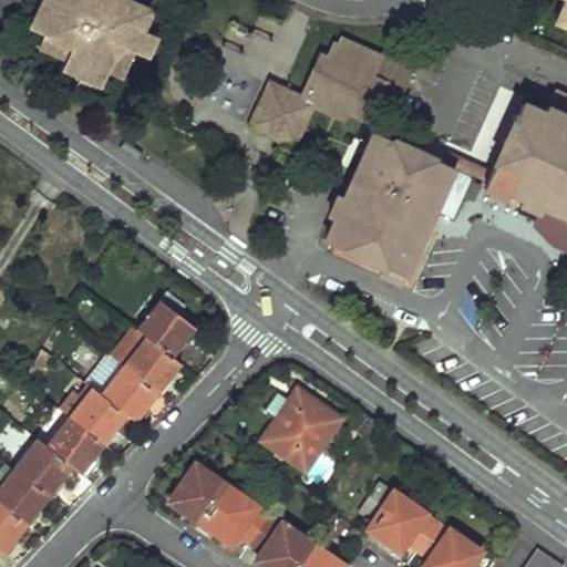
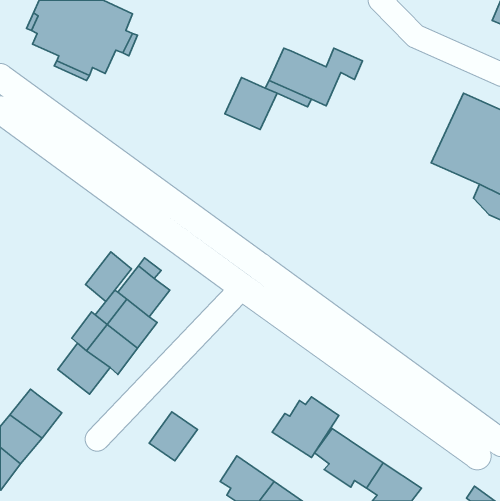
building: [330,39,379,75] -> none
building: [329,136,456,280] -> none
building: none -> [85,252,132,301]
building: [261,400,337,468] -> [272,397,339,458]
building: [45,417,103,474] -> none
building: [199,485,269,544] -> none

